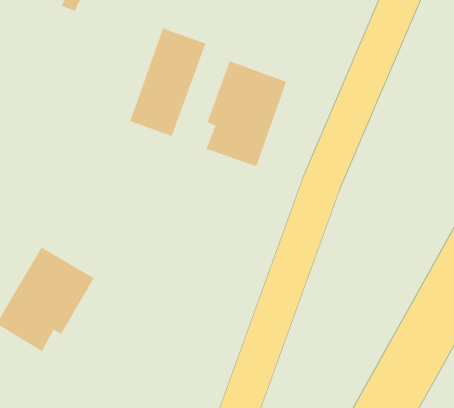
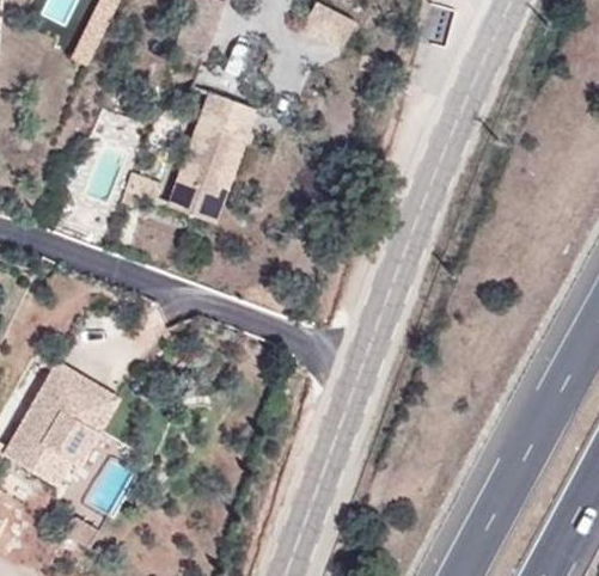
building: [205,60,287,167] -> none

